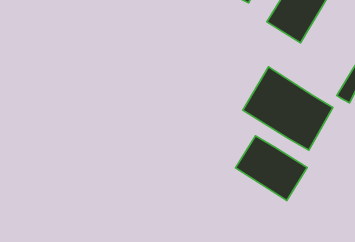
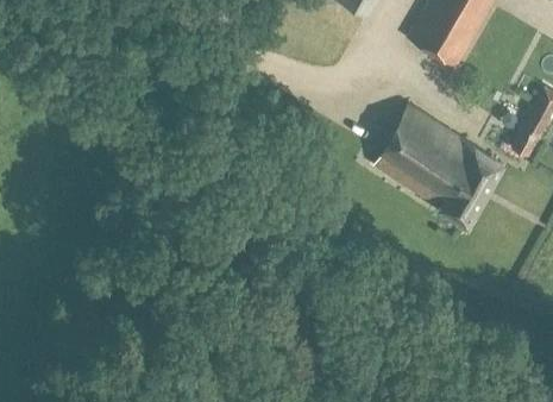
building: [236,136,307,201] -> none

